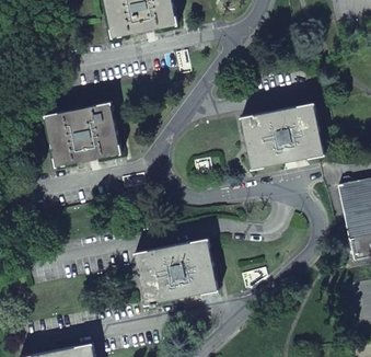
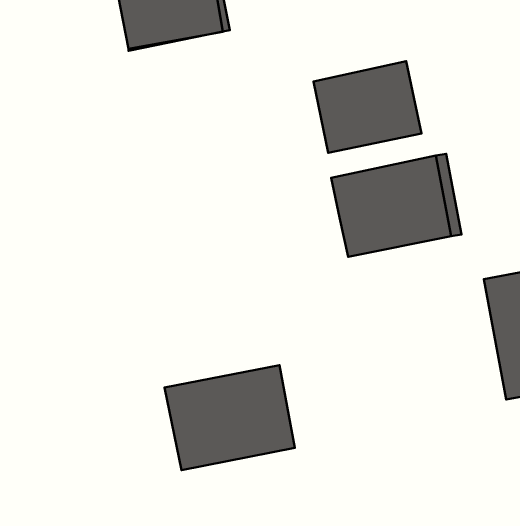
building: none -> [313,61,422,153]
building: [45,102,120,165] -> none

